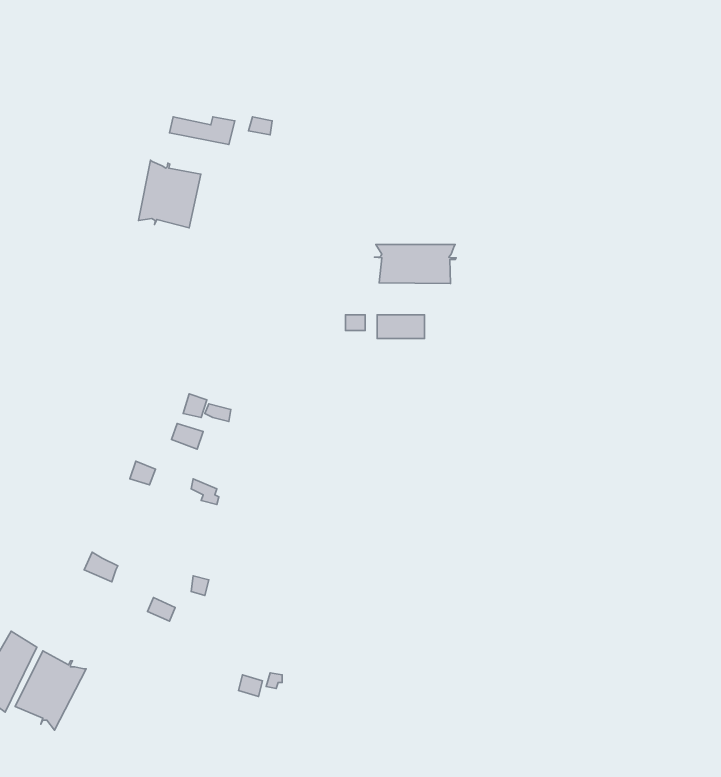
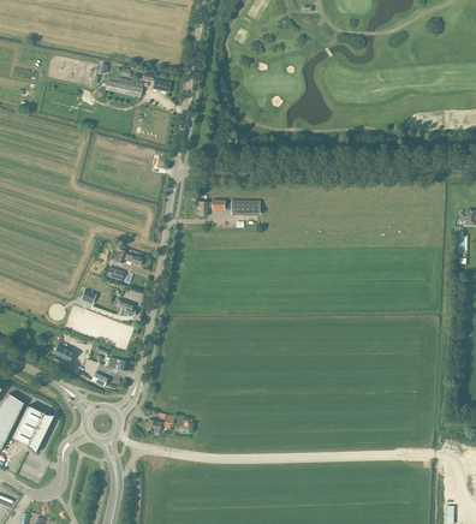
building: [138,160,201,228] -> none
building: [375,245,456,284] -> none

